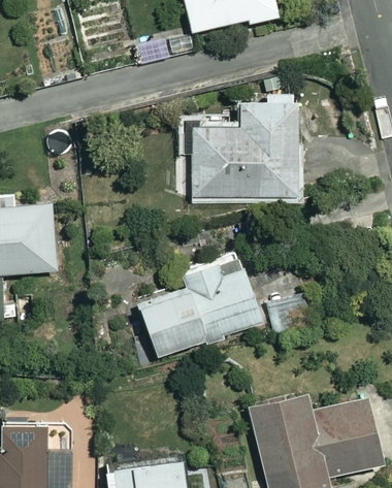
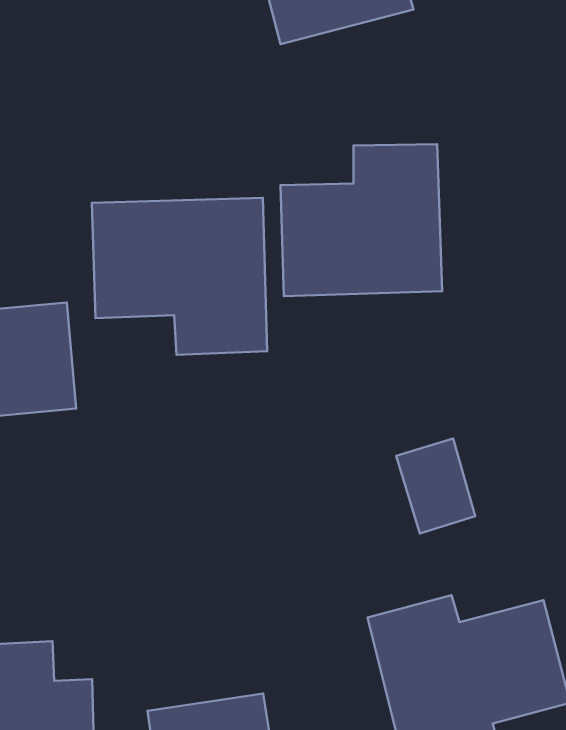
building: none -> [92,198,267,355]
building: [139,252,264,357] -> none

